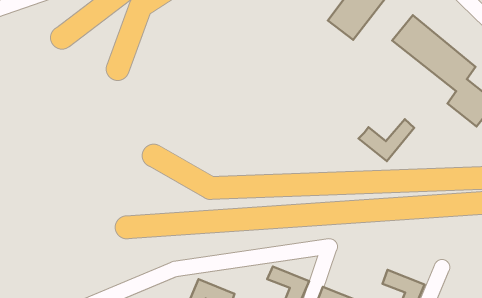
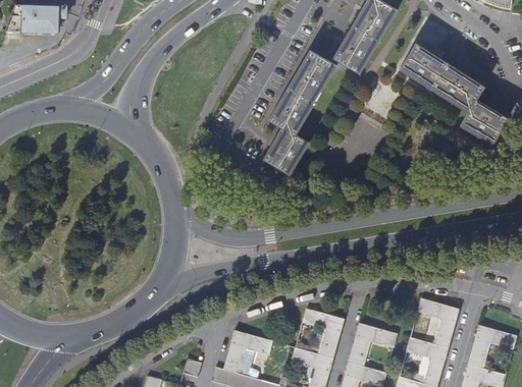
building: none -> [261,50,335,177]
building: [359,119,414,161] -> none

